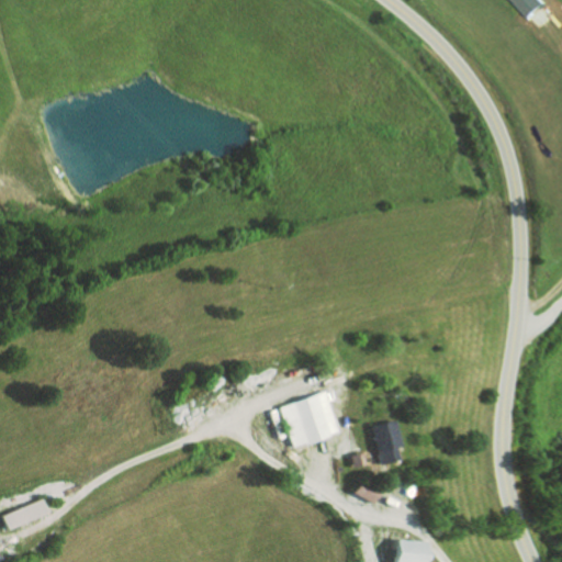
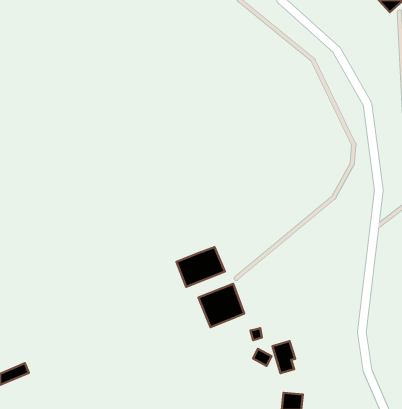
building: none -> [177,247,225,287]
building: [370,419,401,463] -> [273,341,295,373]

